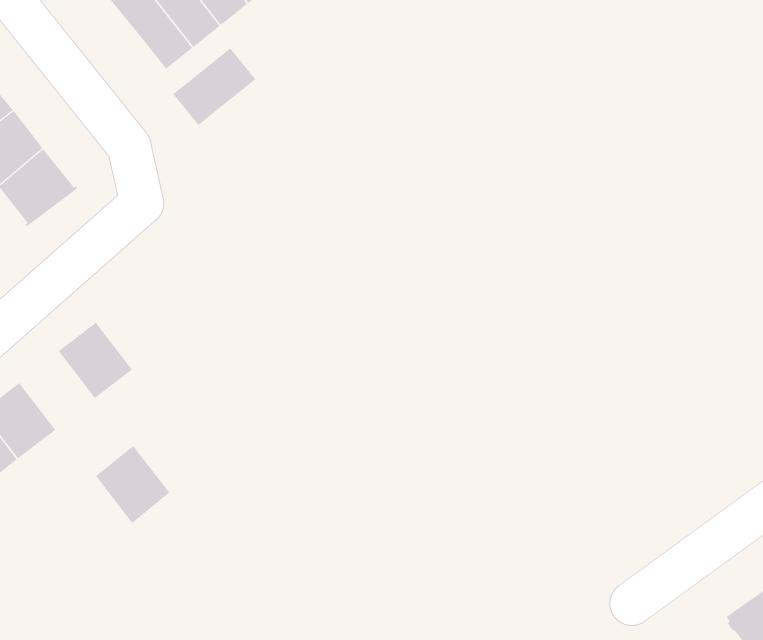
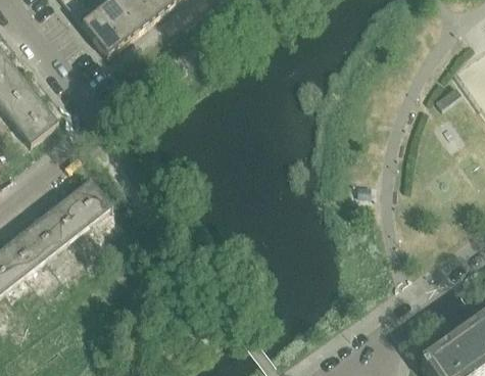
building: [173,48,256,126] -> none
building: none -> [68,178,112,223]
building: [95,445,170,524] -> [26,213,67,256]

